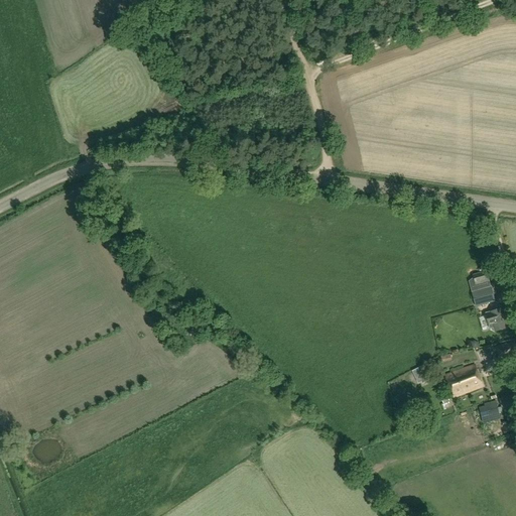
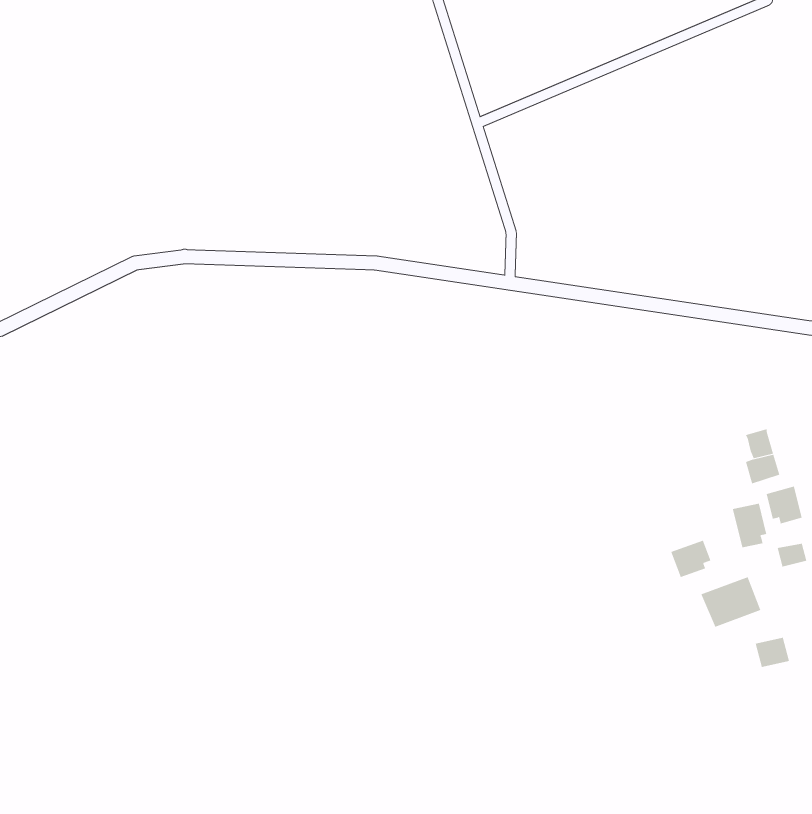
building: none -> [732,503,767,548]
building: none -> [671,540,711,578]

